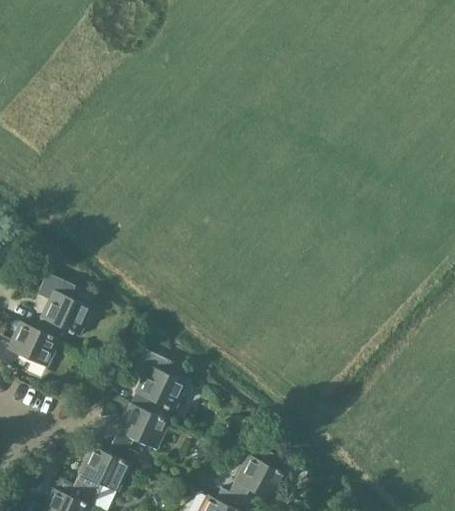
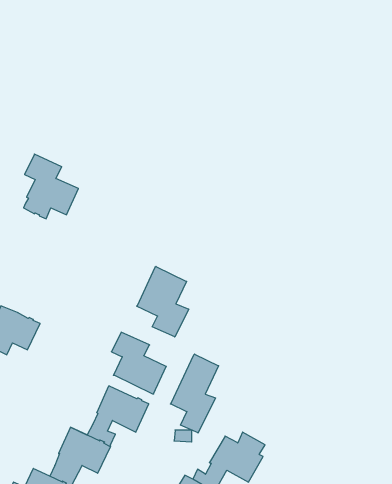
building: [36,273,92,339] -> [24,154,78,219]
building: none -> [137,266,189,337]
building: none -> [170,354,219,433]

